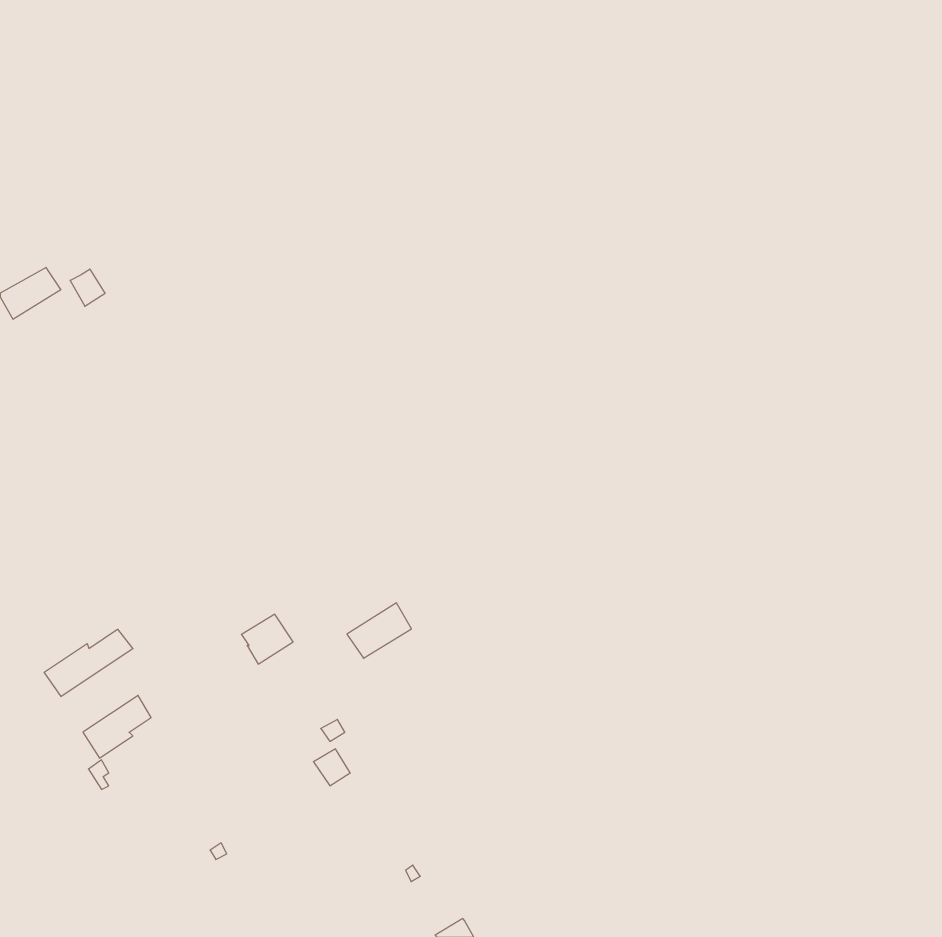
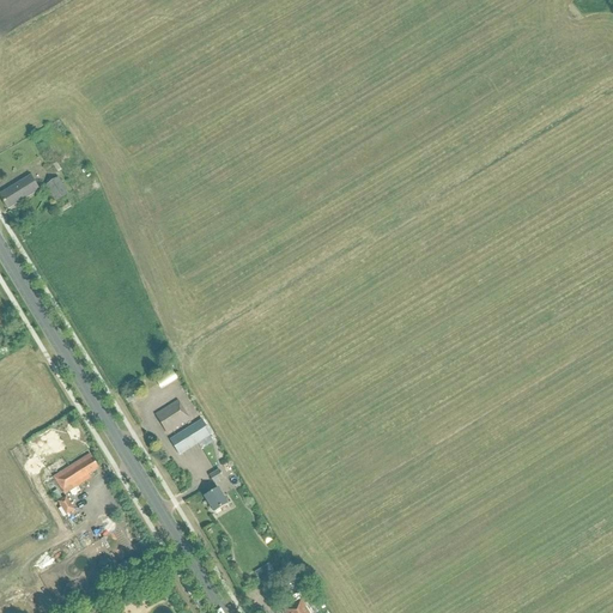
building: [347,603,411,658] -> [169,417,211,453]
building: [44,629,133,697] -> none

